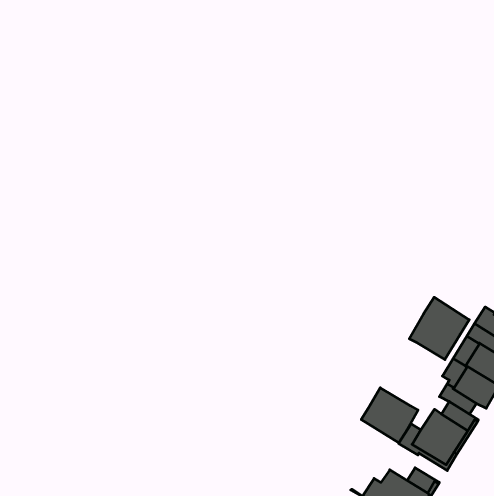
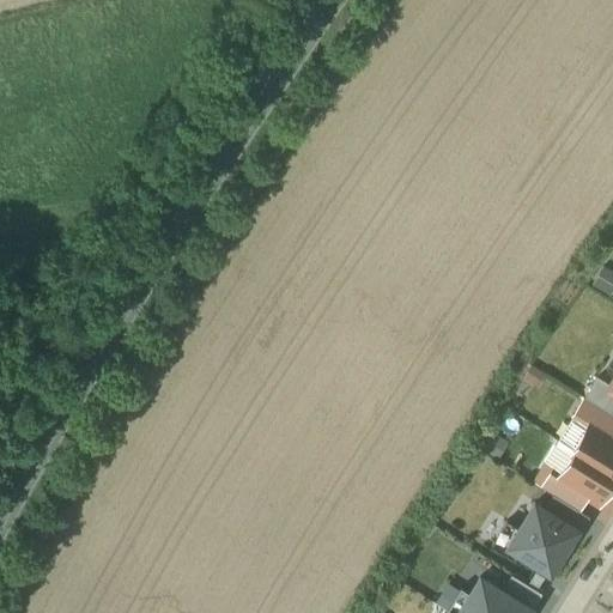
building: [409,297,469,360] -> none
building: [361,388,418,443] -> none

